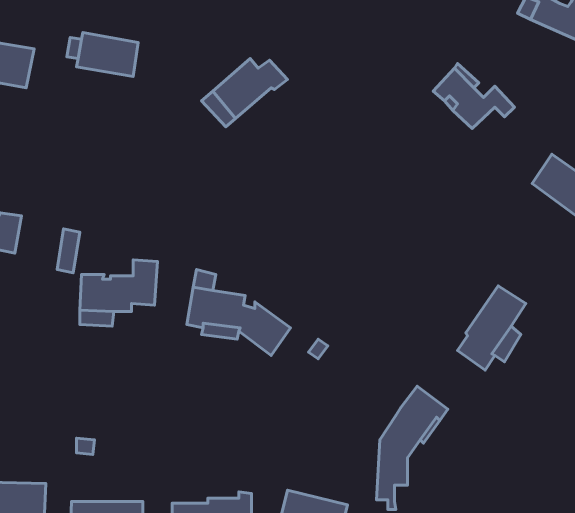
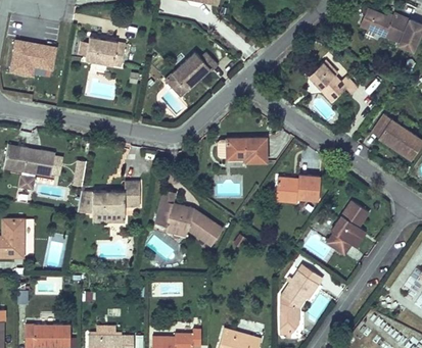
building: none -> [218,136,269,162]
building: none -> [278,171,322,199]

